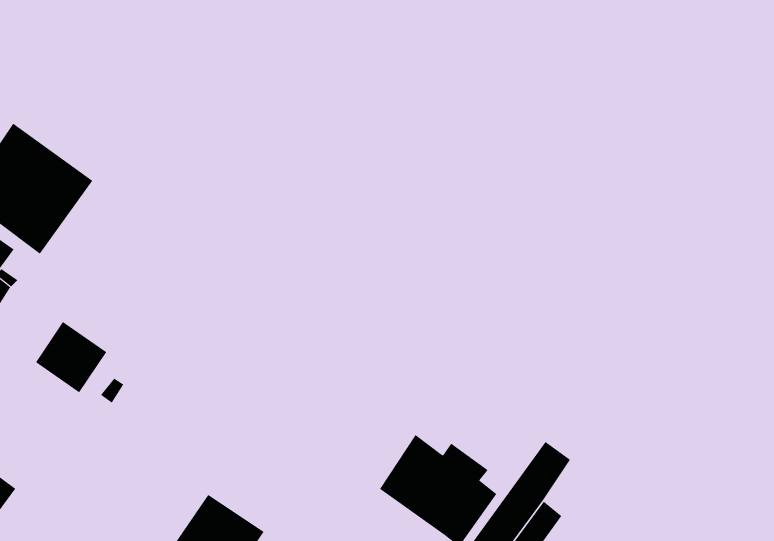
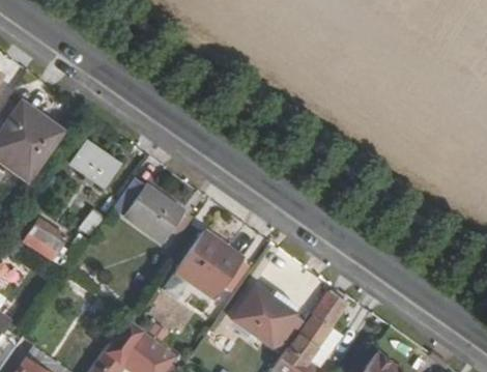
building: none -> [68,142,117,188]
building: none -> [114,178,184,241]
building: none -> [177,231,244,297]

